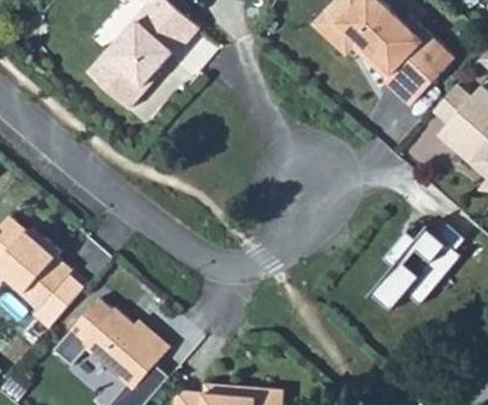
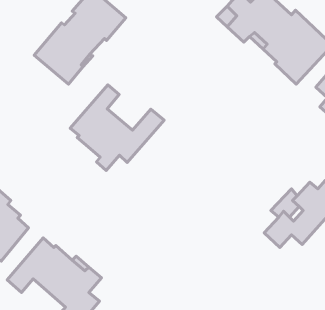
building: none -> [70,85,164,170]

